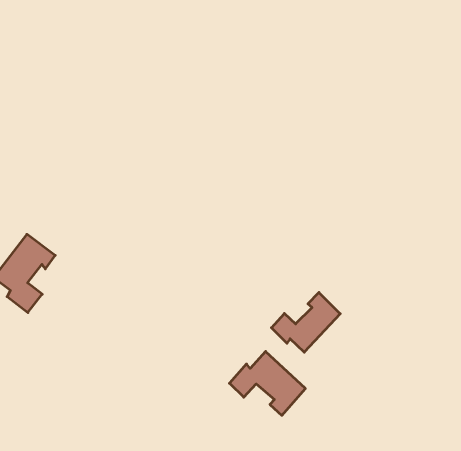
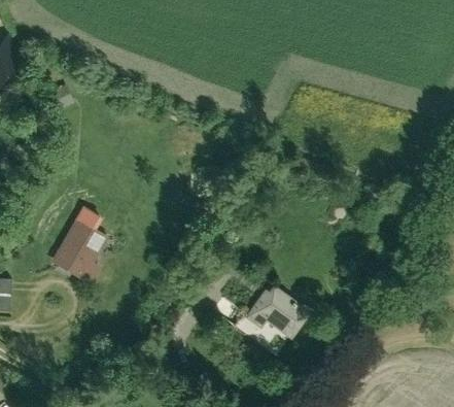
building: [271,292,340,352] -> none

